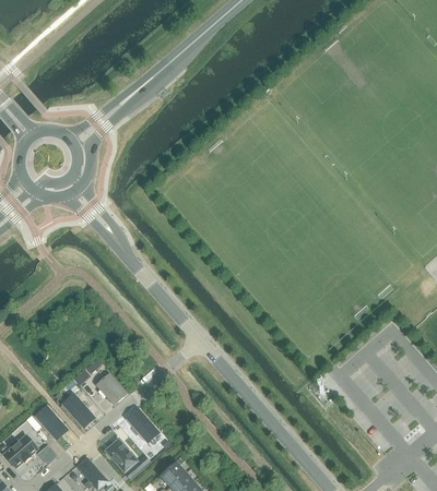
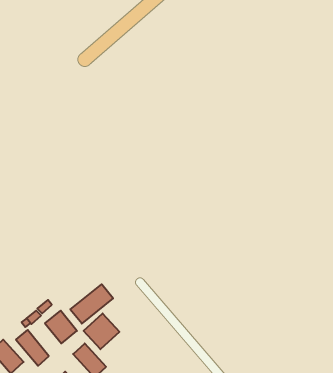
building: none -> [70,284,113,324]
building: none -> [84,313,119,349]

